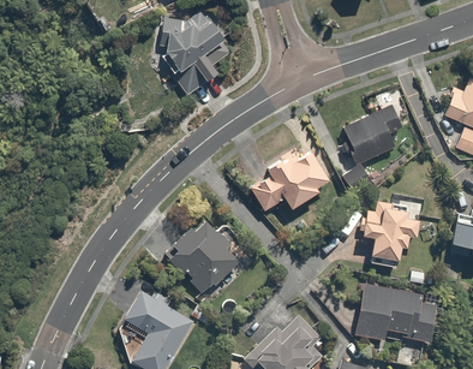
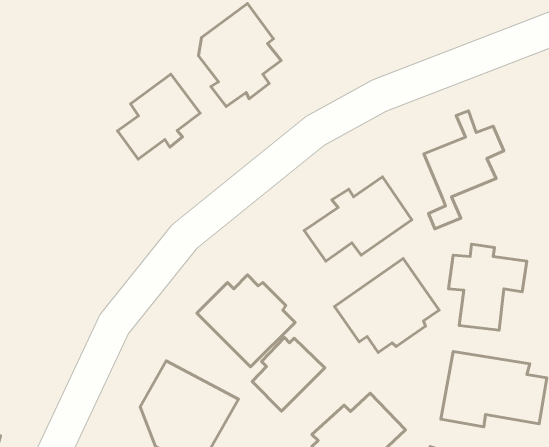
building: none -> [118,74,200,159]
building: none -> [334,258,439,352]
building: none -> [252,338,325,411]

